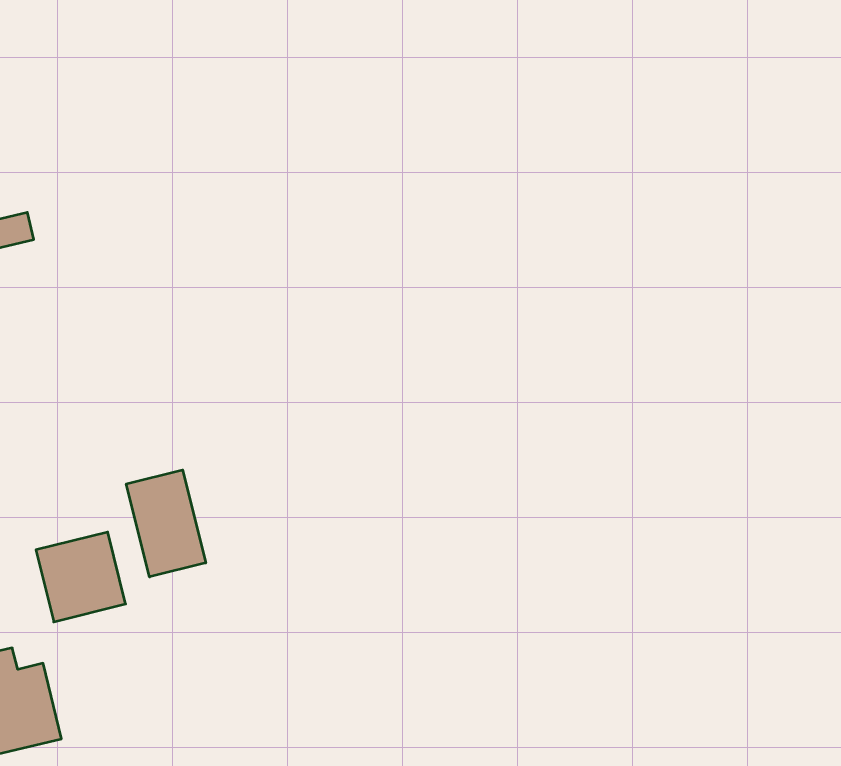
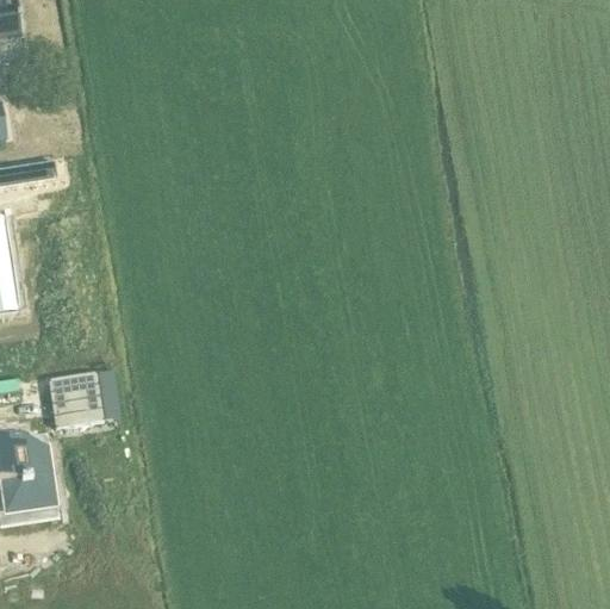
building: [126,470,206,577] -> none

